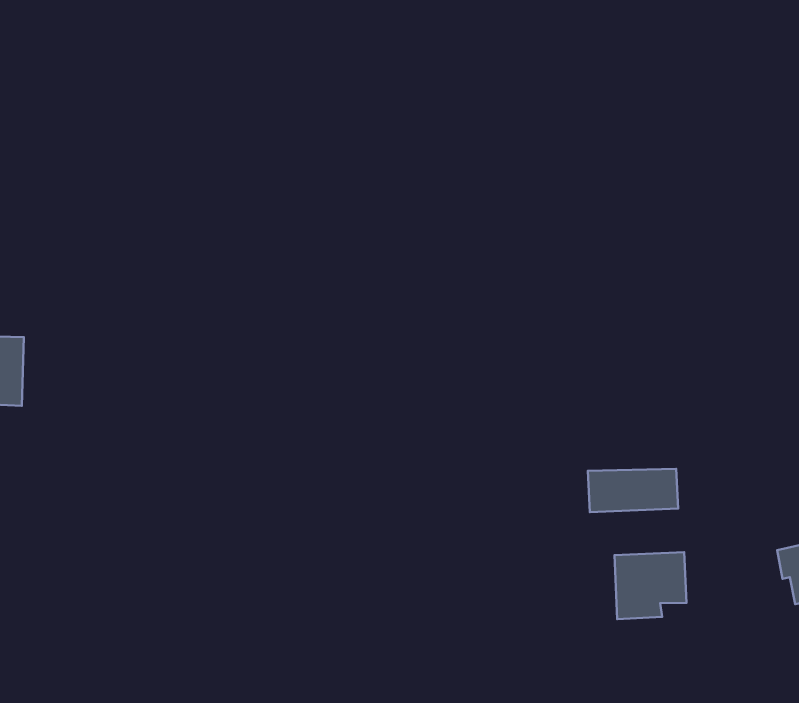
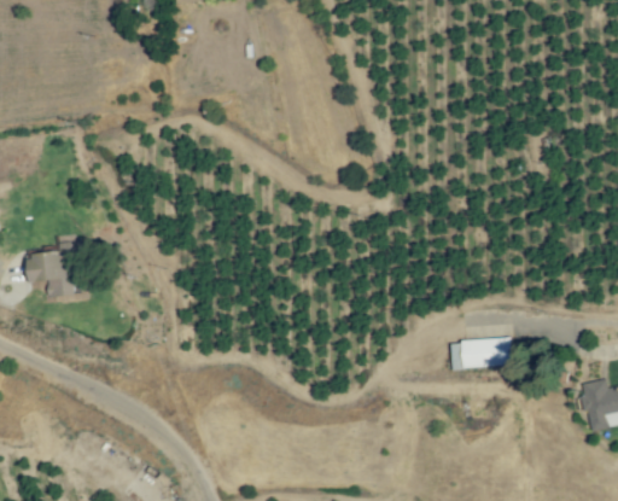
building: [615,552,687,619] -> none

